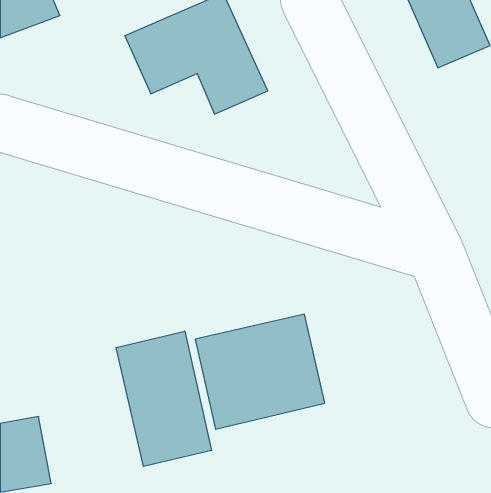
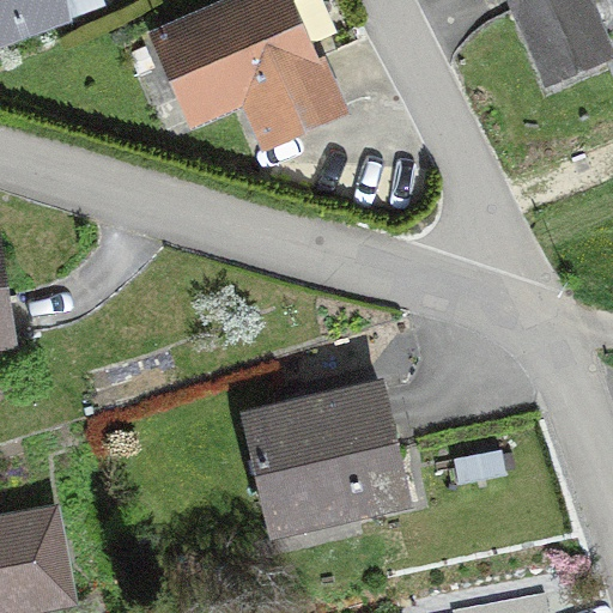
building: [116,331,212,466] -> none

